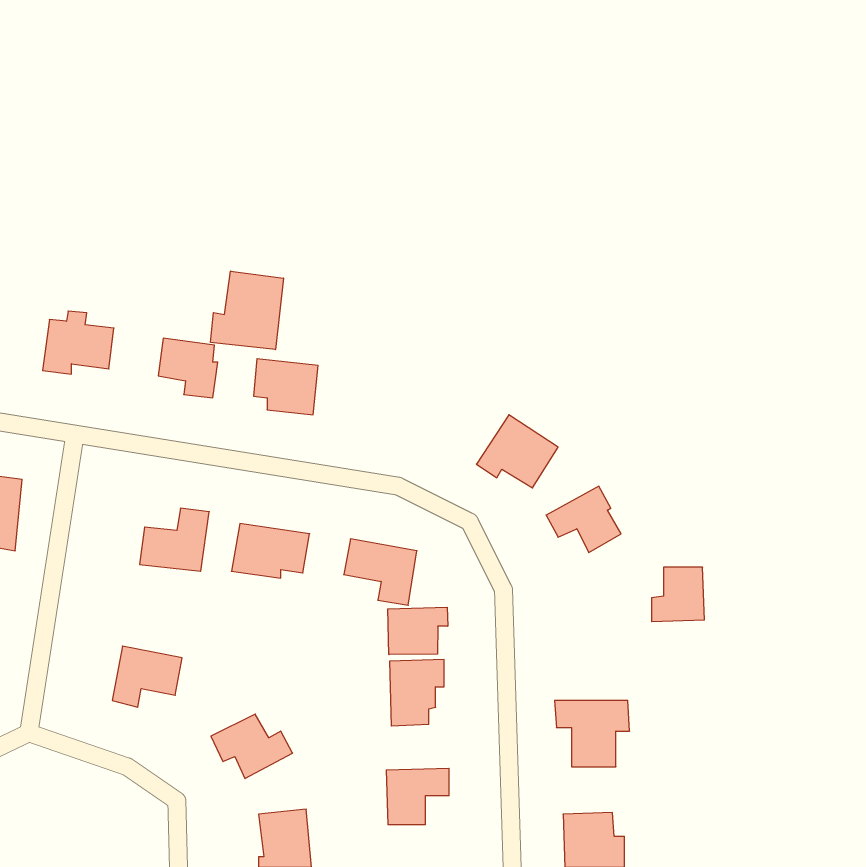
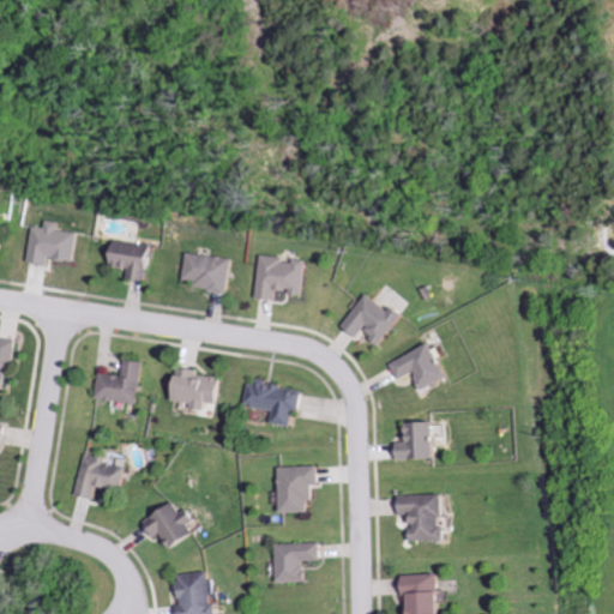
building: [211,271,283,350] -> none
building: none -> [249,254,299,300]
building: [652,567,704,622] -> [389,422,426,460]
building: [388,607,448,655] -> none

